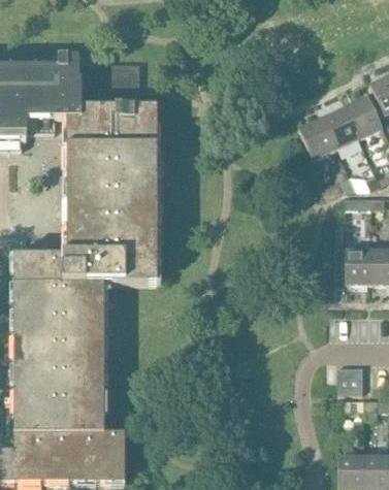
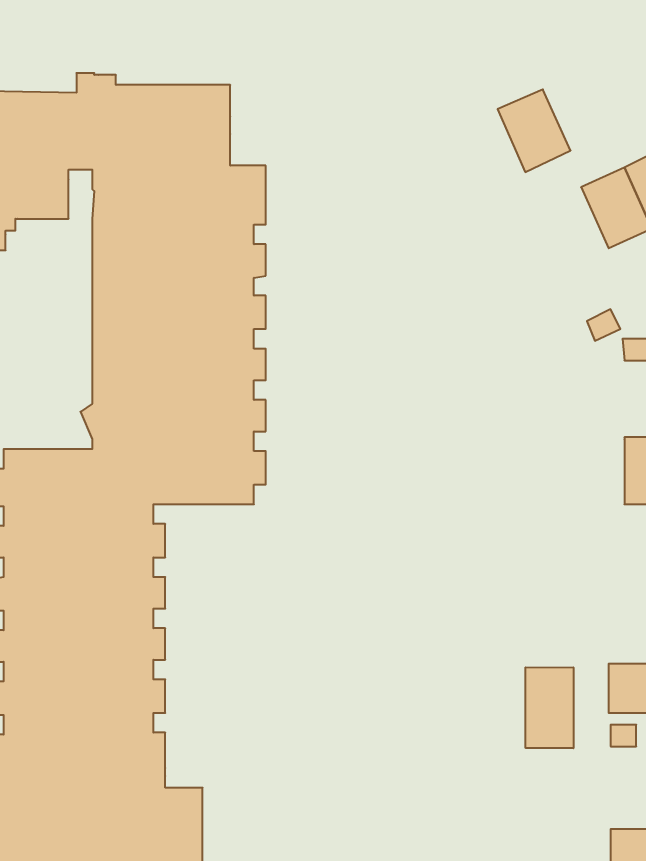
building: [298,118,336,161] -> [498,89,571,172]
building: none -> [526,667,573,748]

